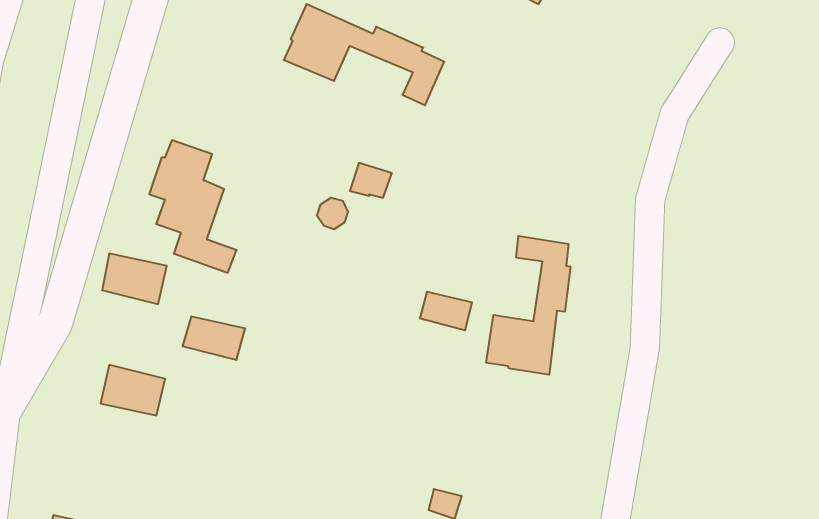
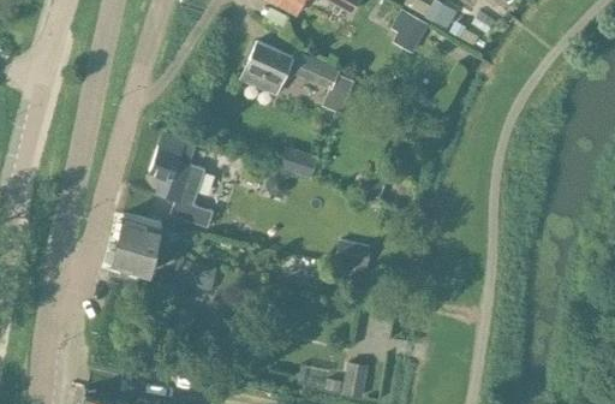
building: [486,236,570,375] -> none
building: [101,365,165,416] -> [113,240,157,275]

